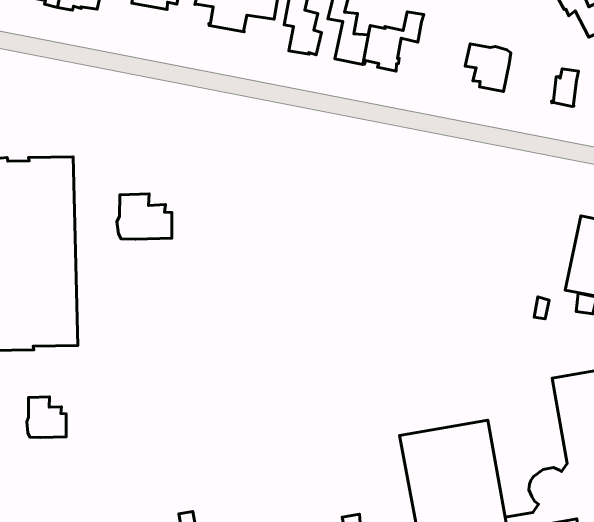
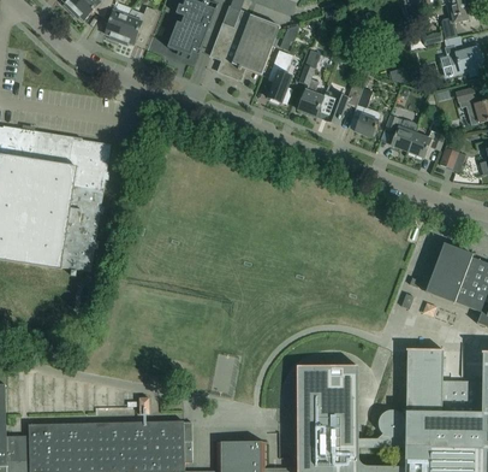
building: none -> [355,87,381,136]
building: none -> [407,130,445,157]
building: [117,194,172,239] -> none
building: [27,397,66,438] -> none

